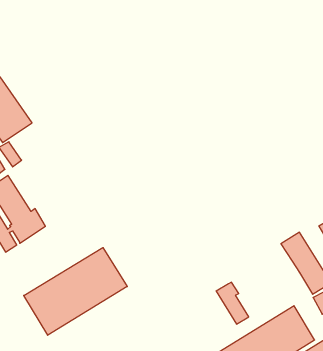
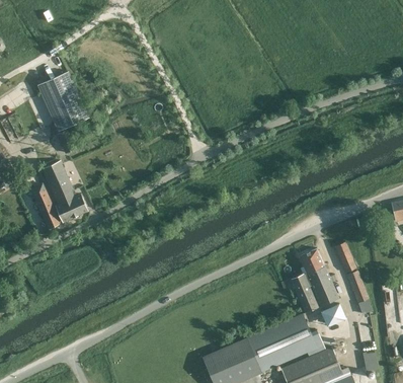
building: [24,248,127,335] -> none
building: [216,282,249,324] -> [292,274,318,312]

